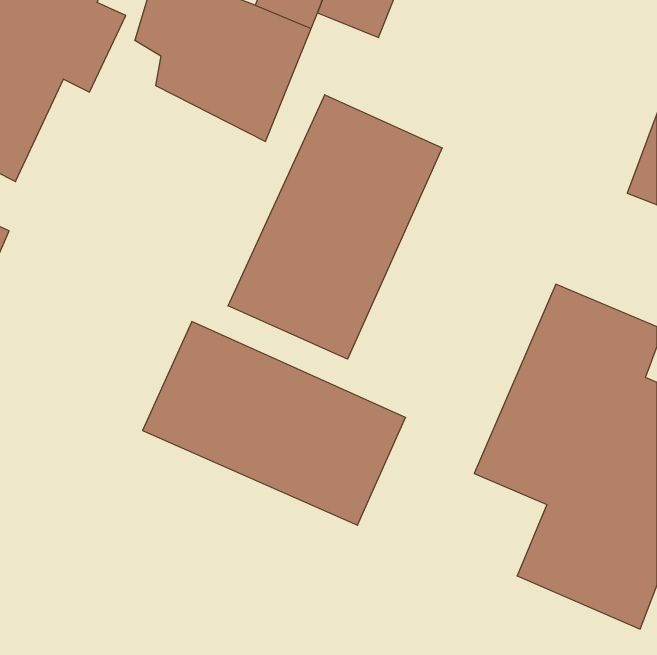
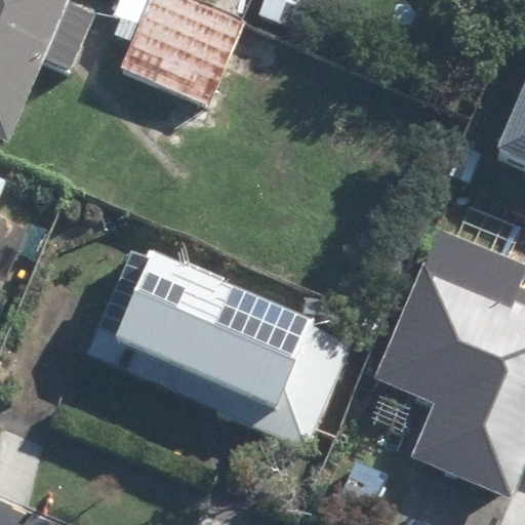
building: [228,95,442,359] -> none

